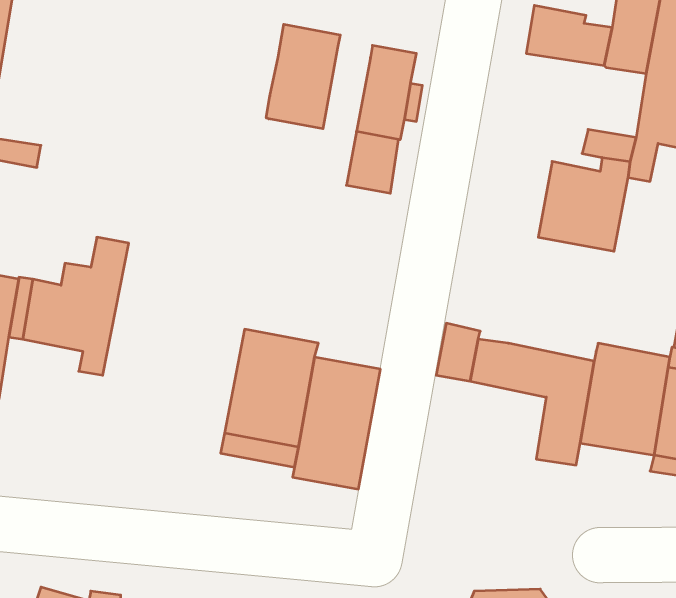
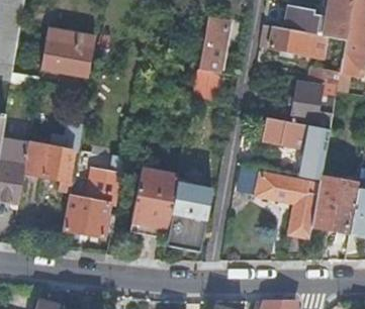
building: [266,24,340,129] -> none
building: none -> [260,24,325,56]
building: none -> [40,29,94,76]
building: none -> [280,119,329,179]
building: none -> [64,169,120,236]

